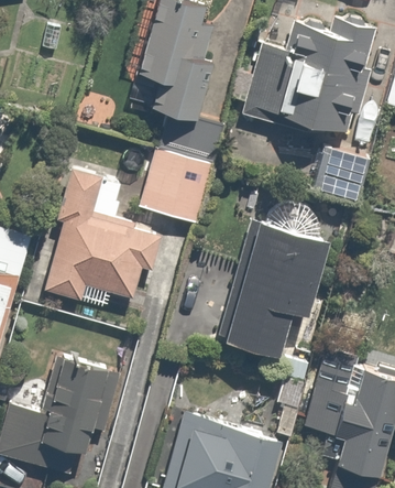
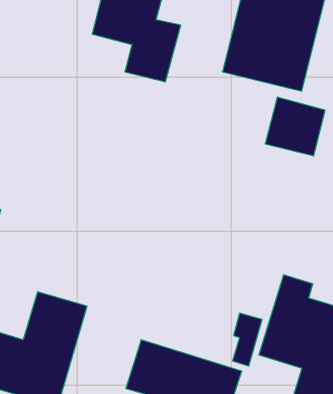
building: [134,147,213,223] -> none
building: [41,159,162,297] -> none
building: [222,226,334,365] -> none

